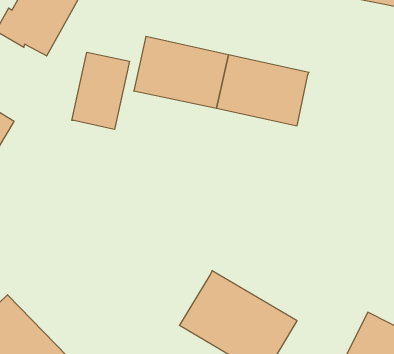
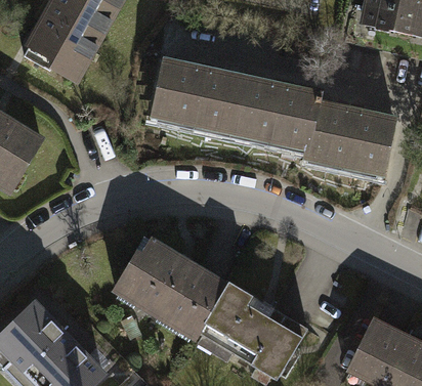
building: [72,52,129,129] -> none
building: none -> [305,96,393,169]
building: none -> [116,241,225,336]

